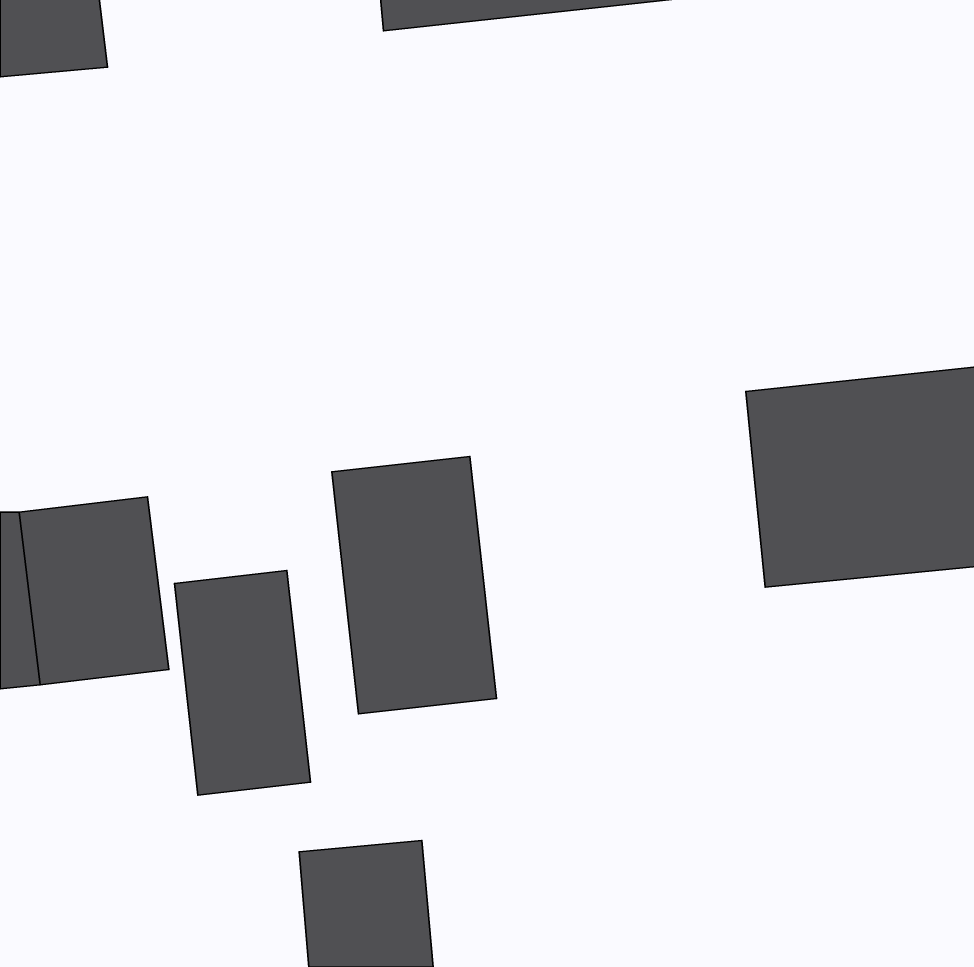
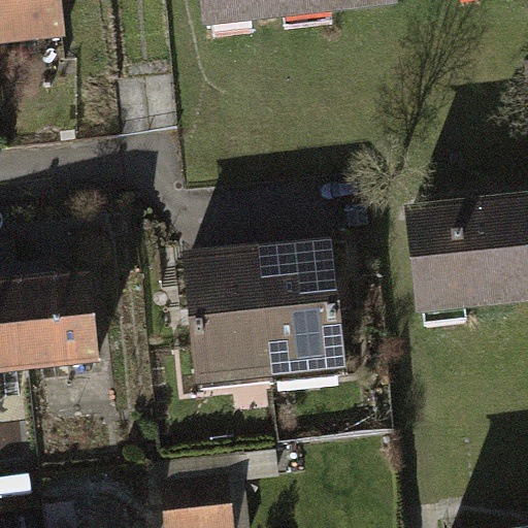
building: none -> [256,237,345,375]
building: [174,571,310,795] -> none

